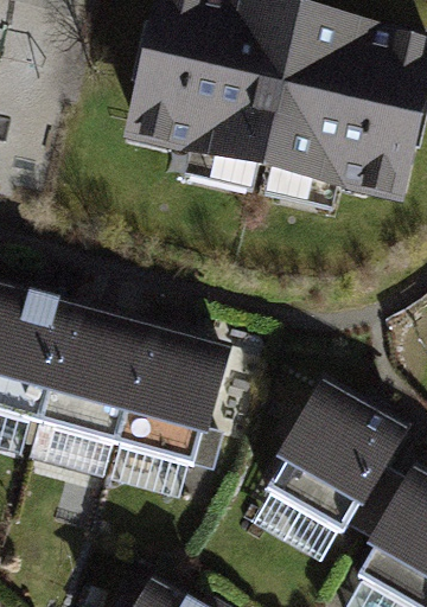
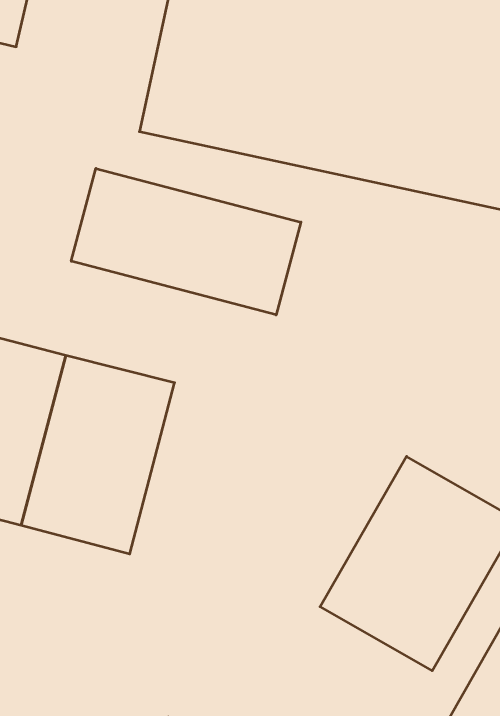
building: none -> [71,168,301,315]
building: [117,325,232,473] -> none

